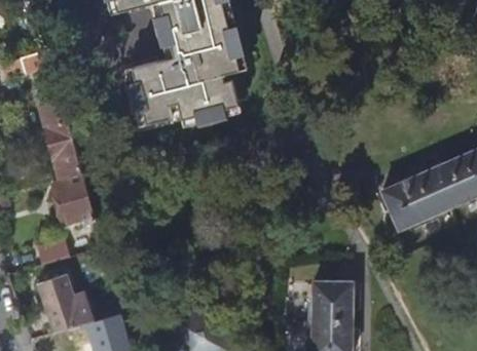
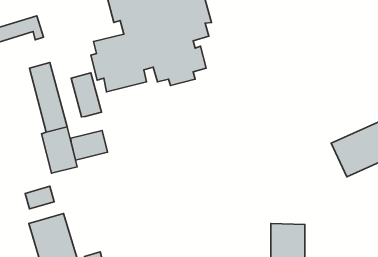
building: none -> [71,73,102,117]
building: none -> [71,131,107,160]

